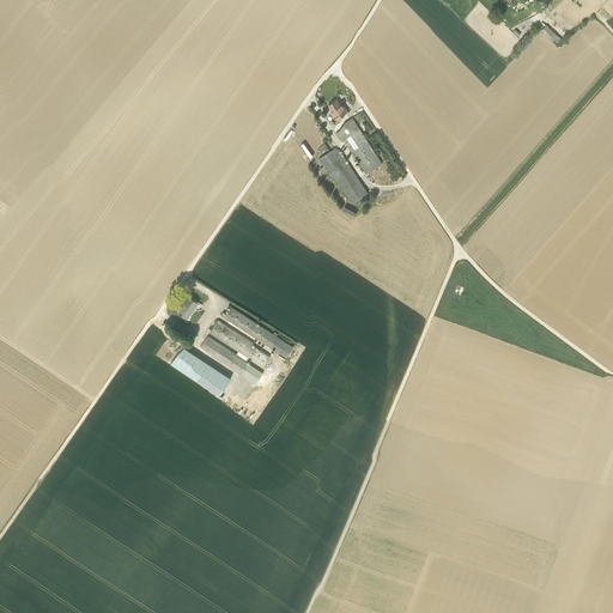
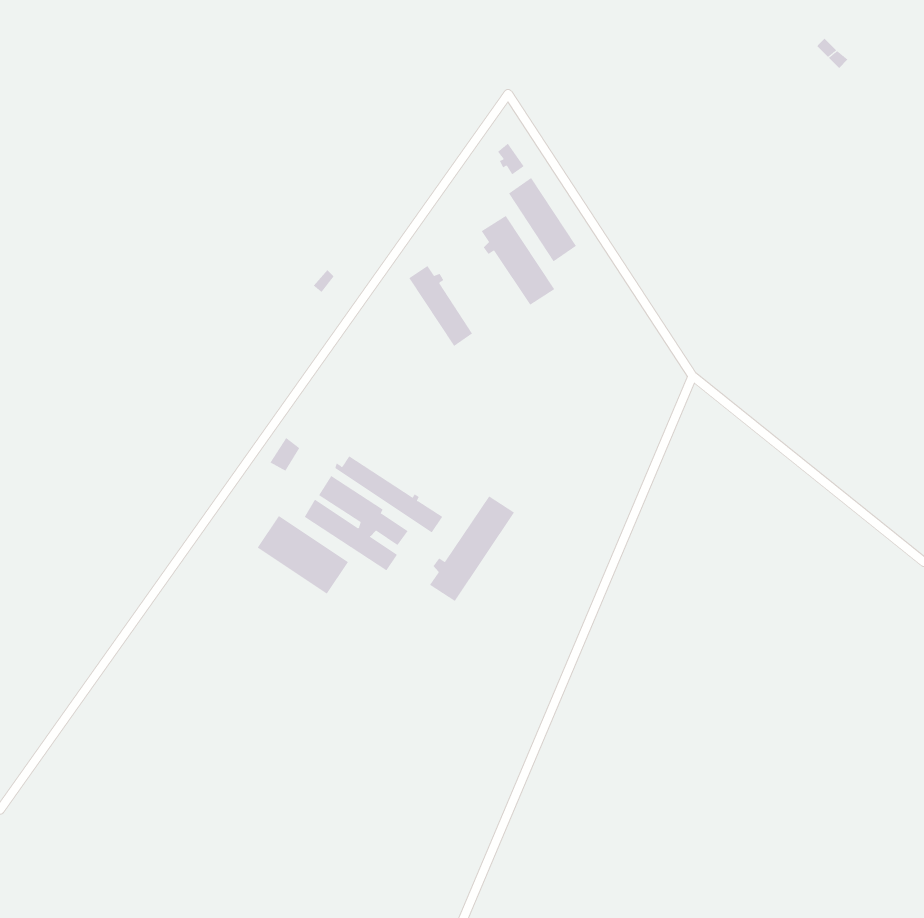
building: none -> [409,265,473,347]
building: none -> [429,495,515,602]

